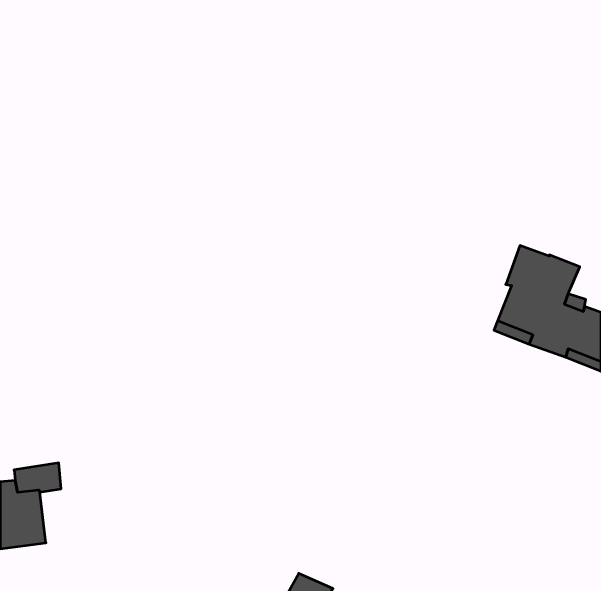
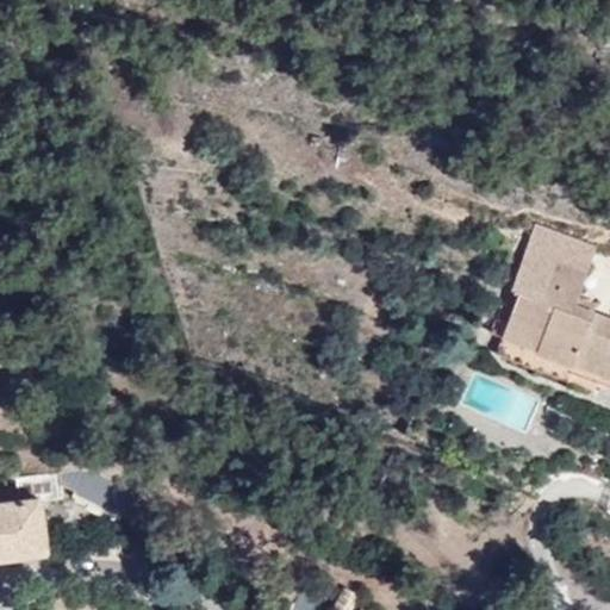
building: none -> [527,235,596,280]

